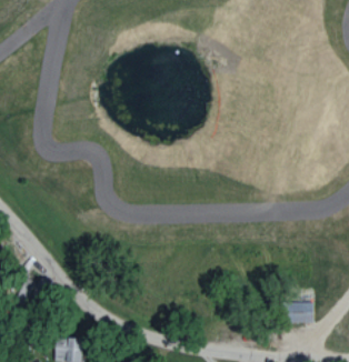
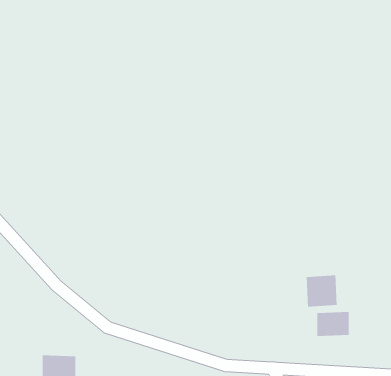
building: none -> [306,275,337,308]

